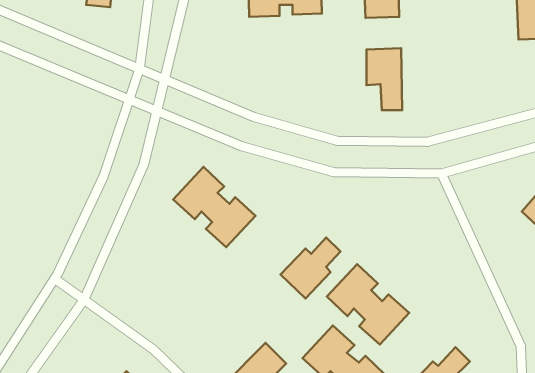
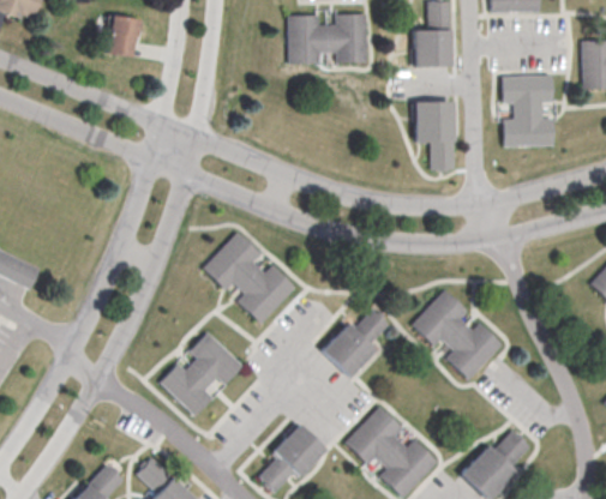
building: none -> [504,76,554,146]
building: none -> [160,331,242,415]
building: [327,264,409,344] -> [412,290,503,379]

